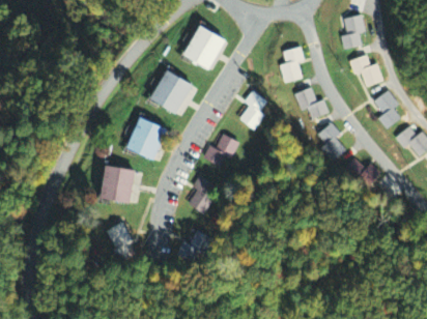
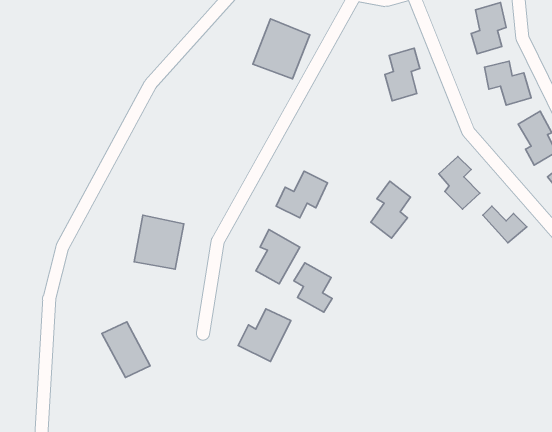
building: [151,68,194,113] -> none
building: [293,86,328,119] -> none
building: [237,89,265,129] -> [371,181,410,238]
building: [127,116,169,160] -> none
building: none -> [294,263,332,312]
building: [105,222,139,261] -> [102,322,150,378]

